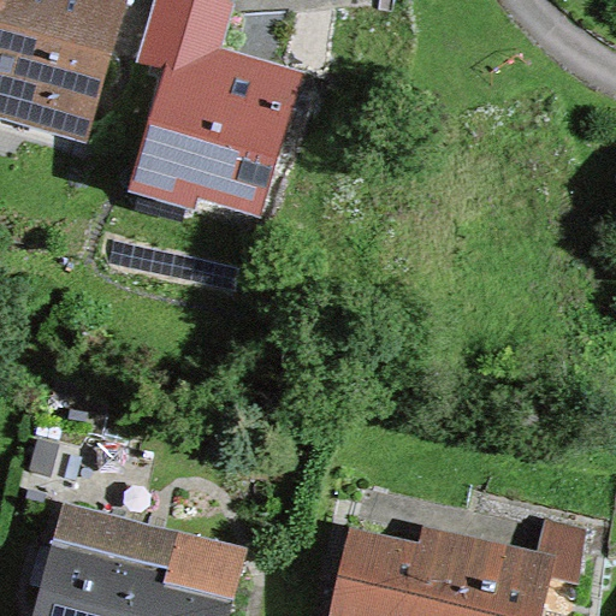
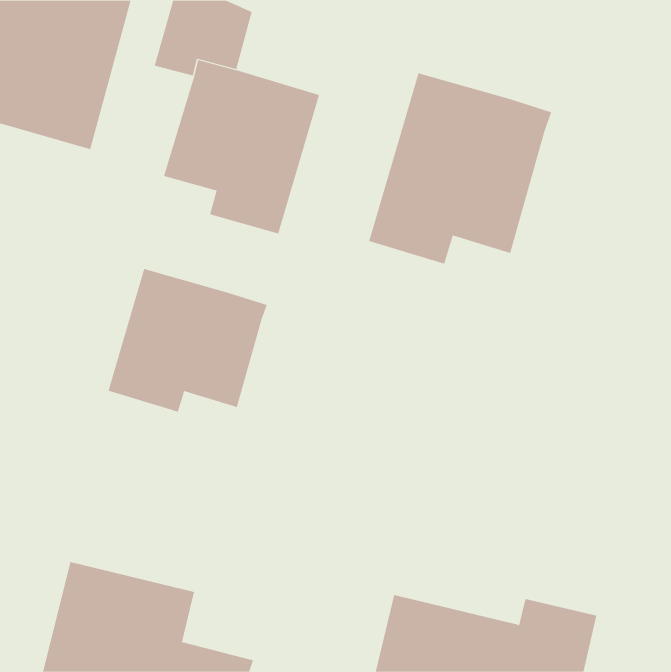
building: none -> [369,72,552,265]
building: none -> [108,268,268,412]

